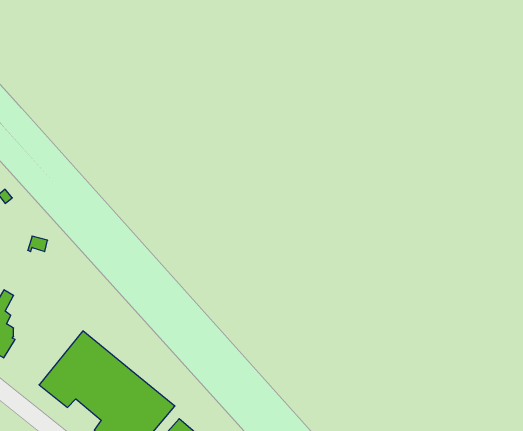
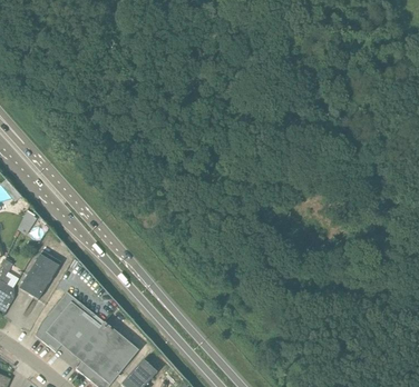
building: none -> [18,250,59,299]

